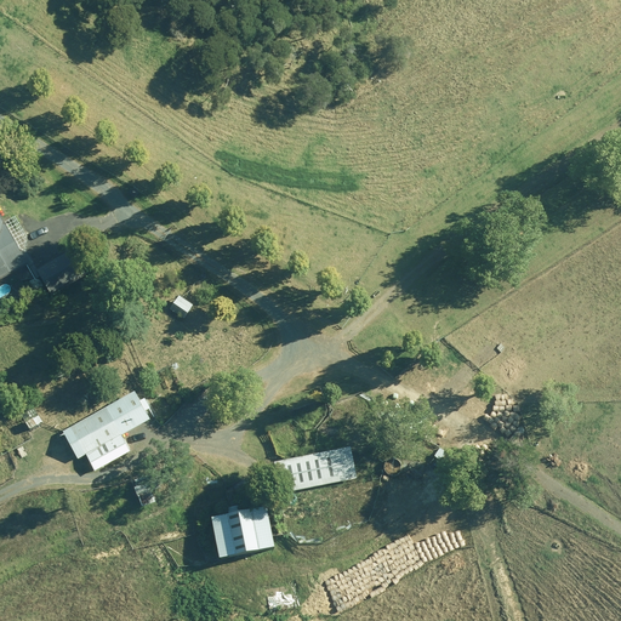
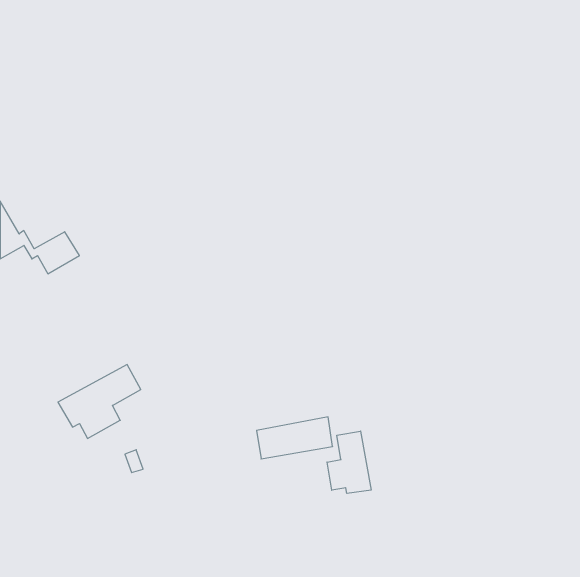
building: none -> [327,431,371,493]
building: [210,506,274,559] -> none

